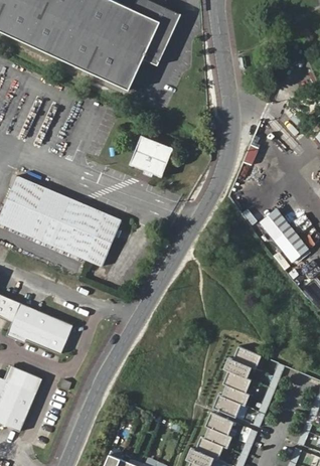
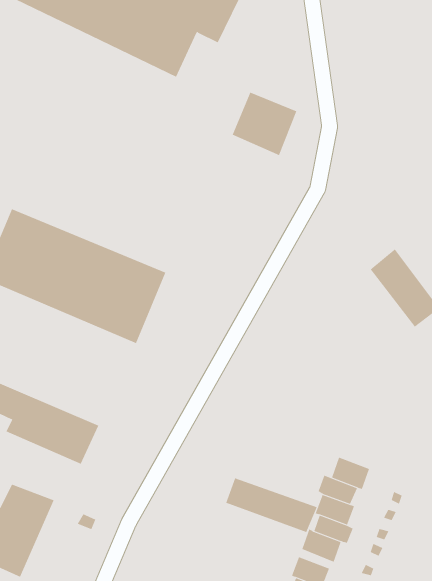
building: [130,138,174,181] -> [232,92,297,156]
building: none -> [226,478,317,533]

